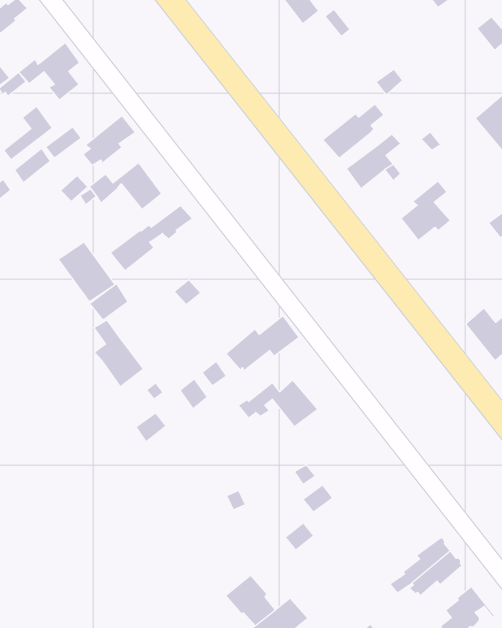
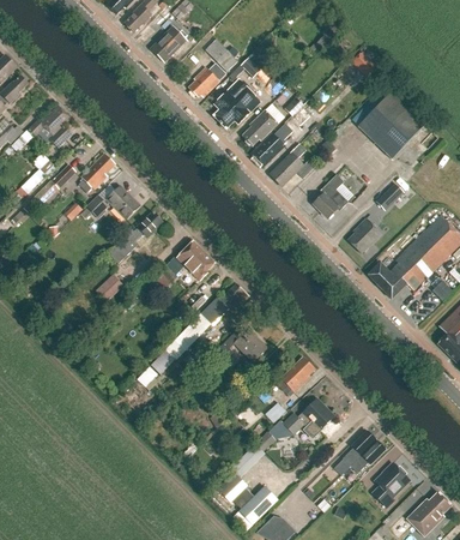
building: none -> [188,64,225,97]
building: none -> [212,79,259,128]
building: none -> [242,110,277,145]
building: [58,242,115,302] -> none
building: none -> [347,218,381,253]
building: none -> [176,241,214,282]
building: [94,320,143,387] -> none
building: none -> [277,358,315,396]
building: none -> [282,398,333,434]

